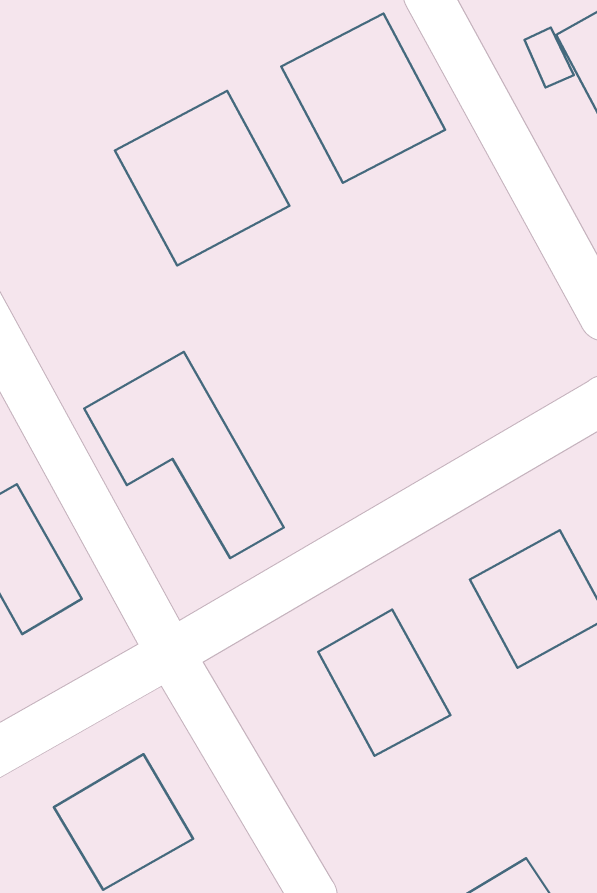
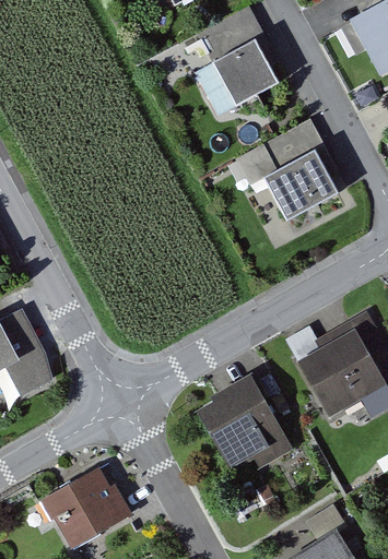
building: [115,91,289,266] -> none
building: none -> [238,121,344,224]
building: [84,352,284,558] -> none

